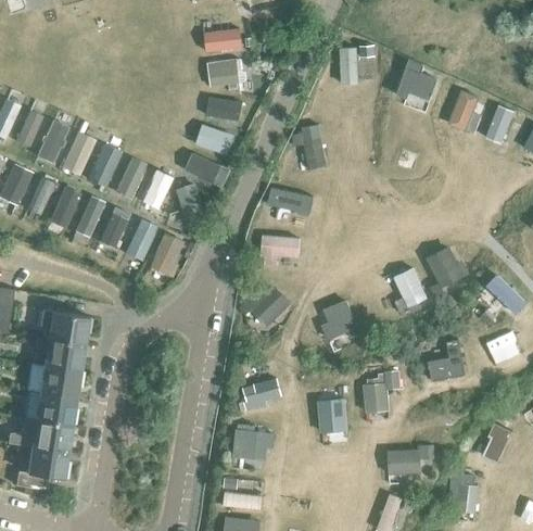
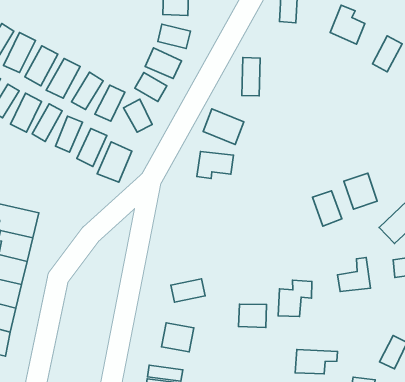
building: [251,287,291,327] -> none
building: [322,301,358,340] -> none

